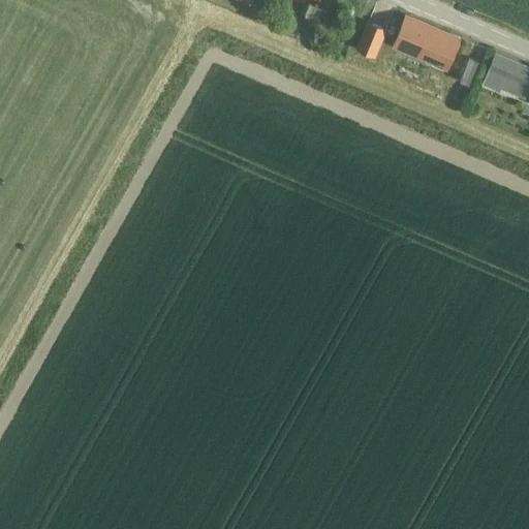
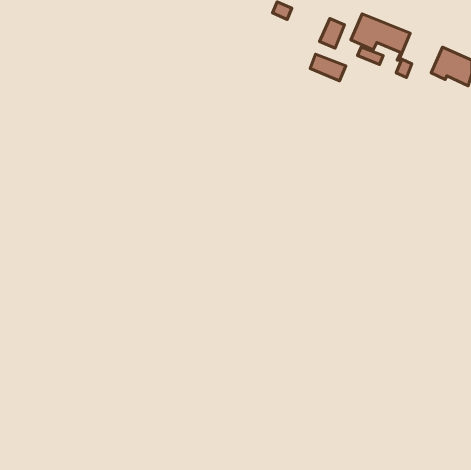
building: none -> [310,54,346,81]

